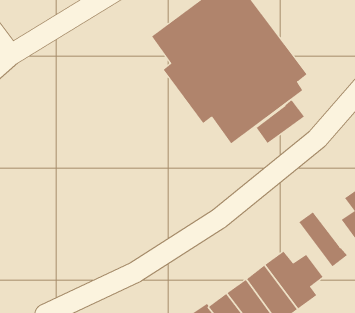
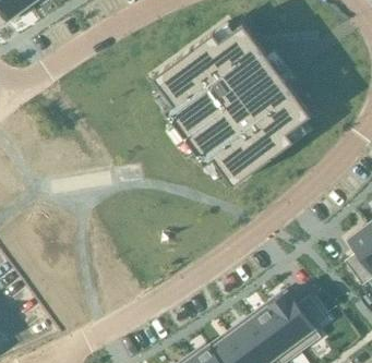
building: [256,99,305,144] -> none
building: [299,211,348,267] -> none

